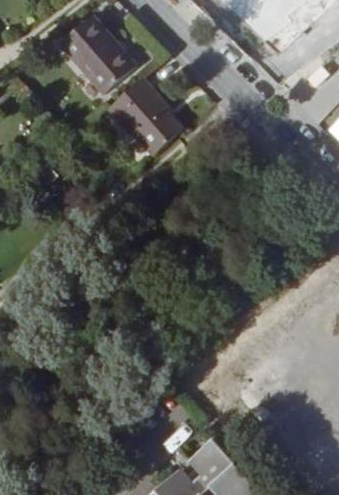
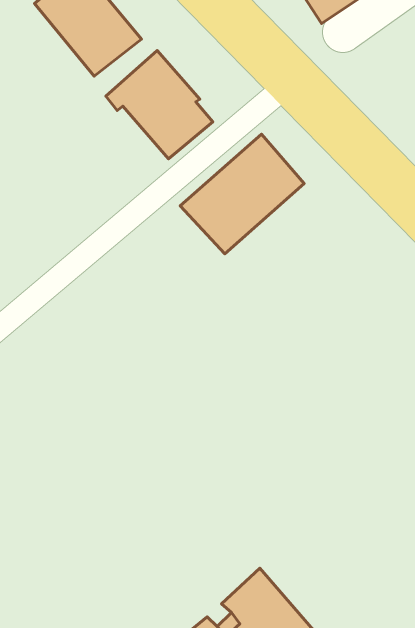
building: none -> [180,134,304,254]

